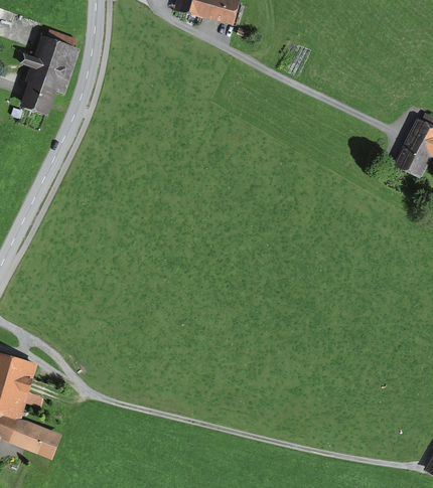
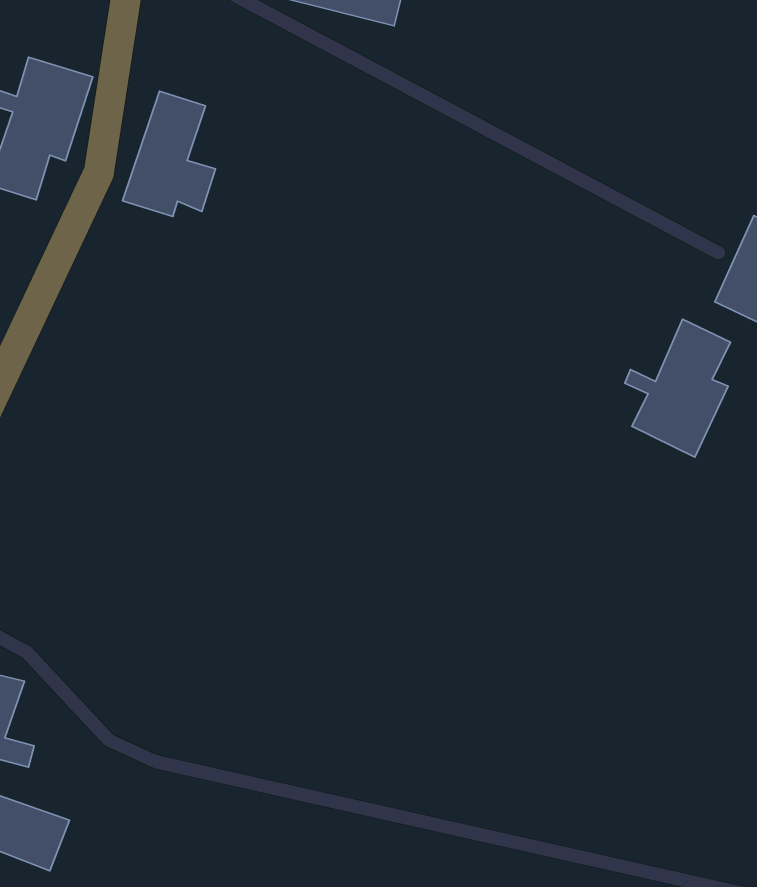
building: none -> [123,91,216,216]
building: none -> [625,319,731,457]

